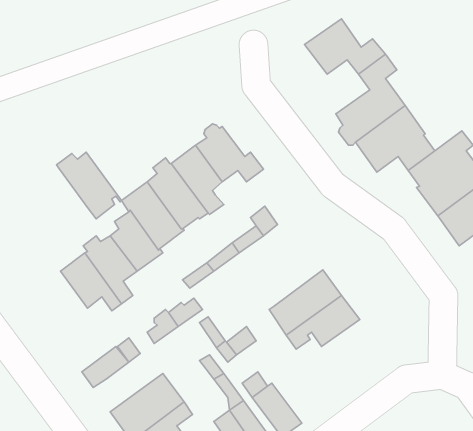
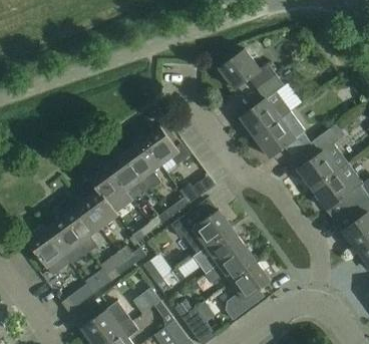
building: [56,152,122,219] -> [25,229,71,276]
building: none -> [171,204,232,254]
building: none -> [227,263,271,319]

